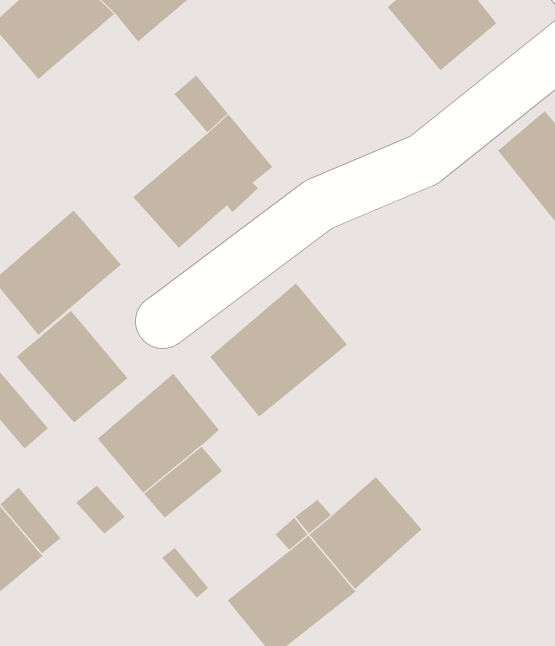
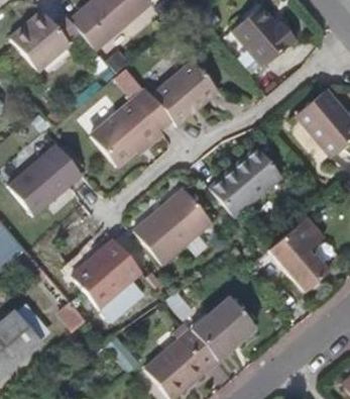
building: none -> [149,61,217,126]
building: none -> [208,145,283,219]
building: [16,310,129,423] -> none
building: none -> [263,221,325,298]

